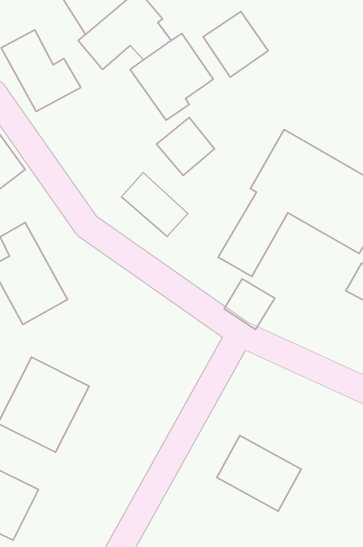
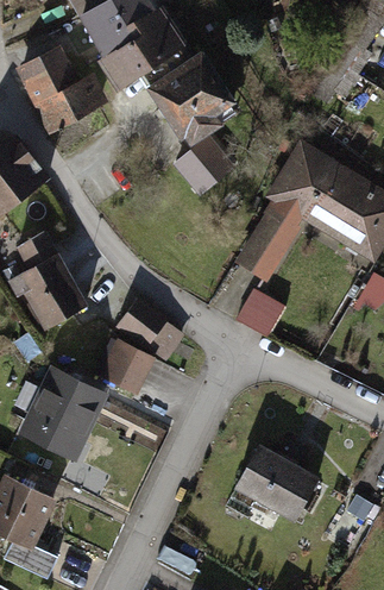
building: [203,12,268,77] -> none
building: [121,173,188,236] -> [120,296,185,359]
building: none -> [97,340,156,397]

